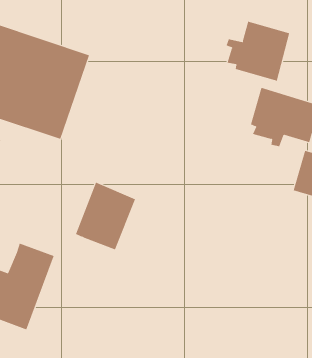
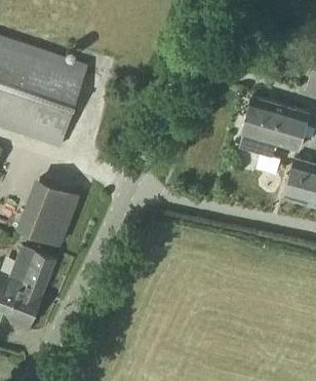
building: [226,21,290,81] -> none
building: [75,182,136,250] -> [21,179,79,244]

